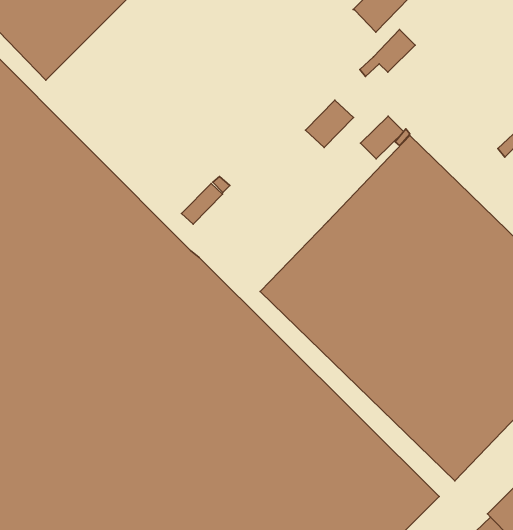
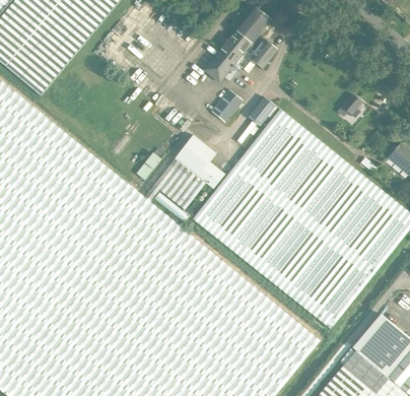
building: none -> [203,30,251,82]
building: none -> [144,135,223,211]

